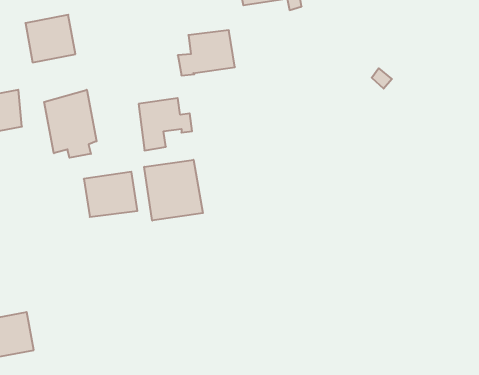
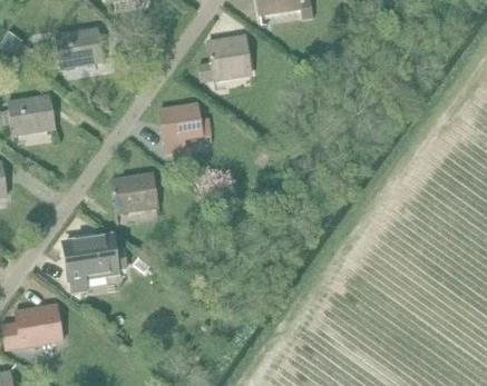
building: [44,90,97,158] -> none
building: [144,160,203,221] -> none
building: none -> [64,235,126,291]

